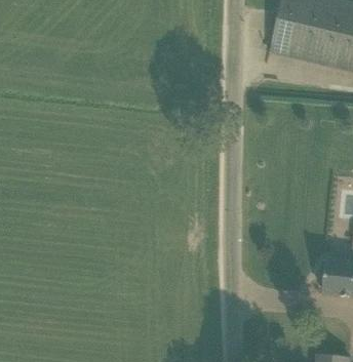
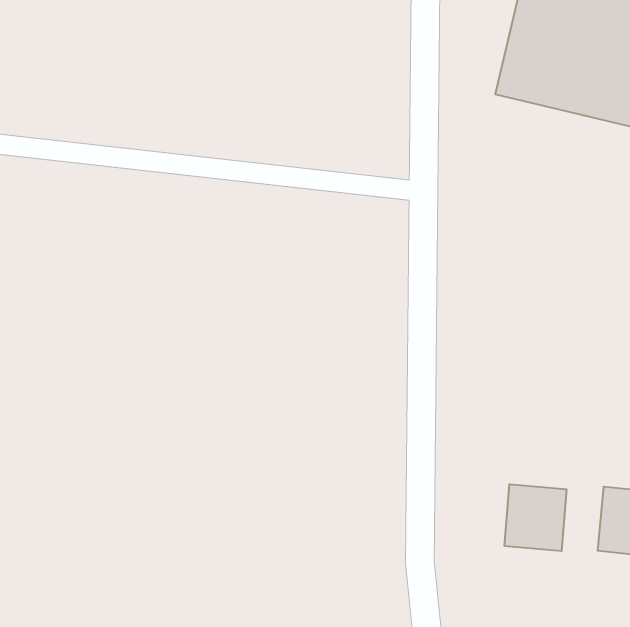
building: none -> [505,484,567,551]

